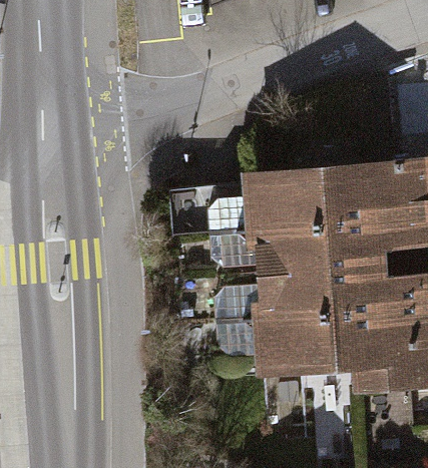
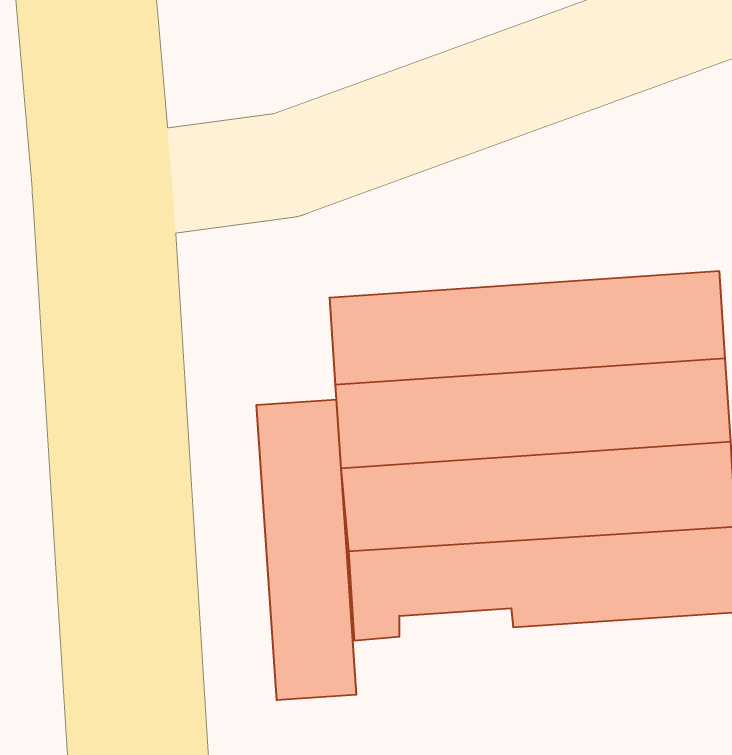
building: none -> [257,400,356,700]

